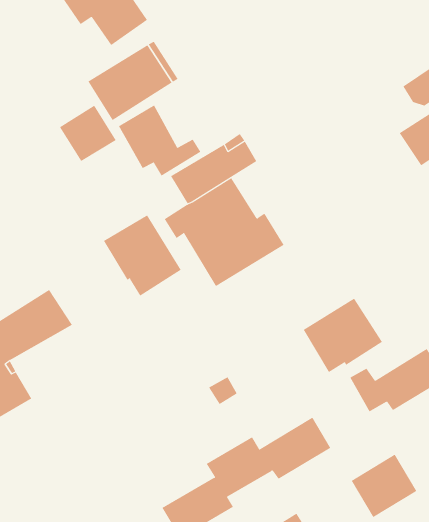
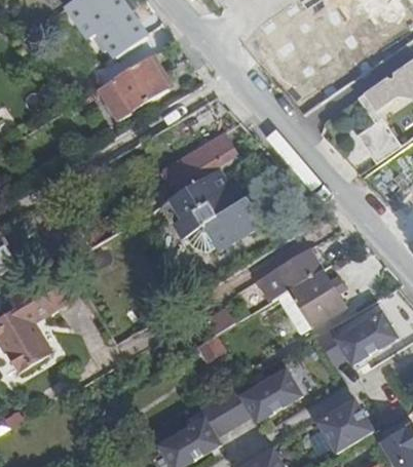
building: [118,105,201,177] -> none
building: [59,105,116,162] -> none
building: [103,214,181,296] -> none
building: none -> [256,248,320,301]

